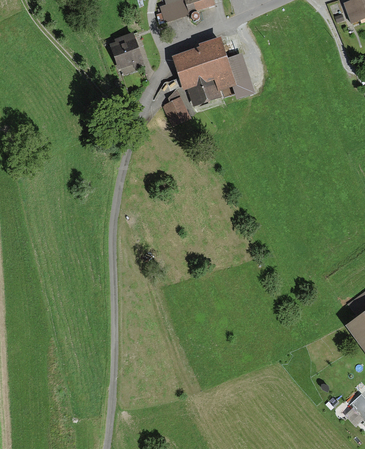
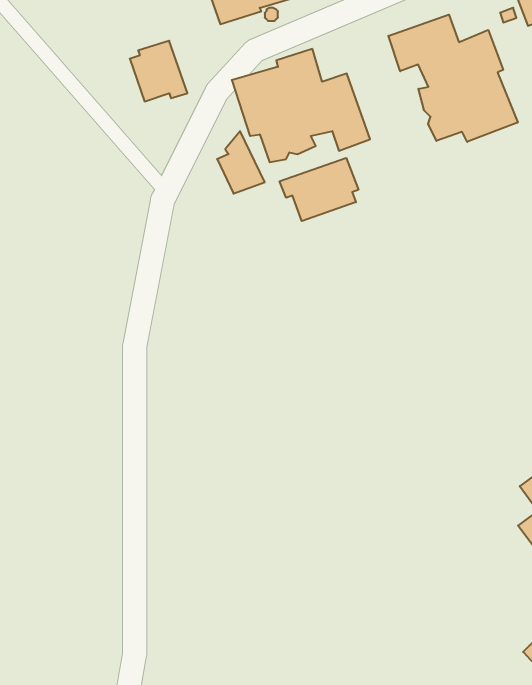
building: none -> [388,15,518,142]
building: none -> [280,158,358,221]

